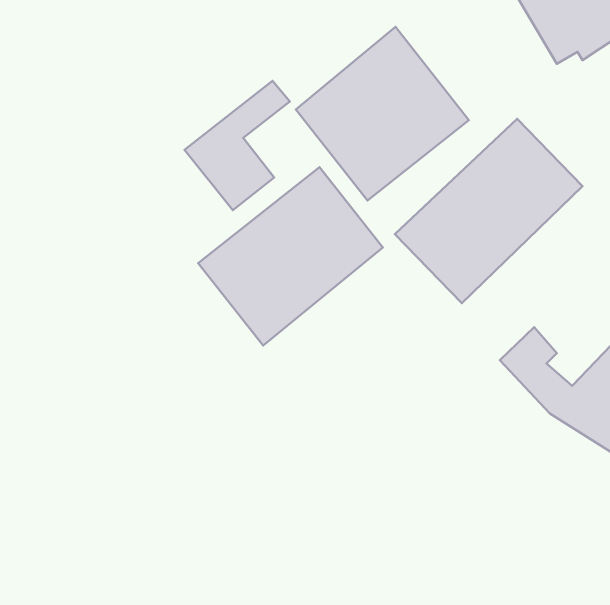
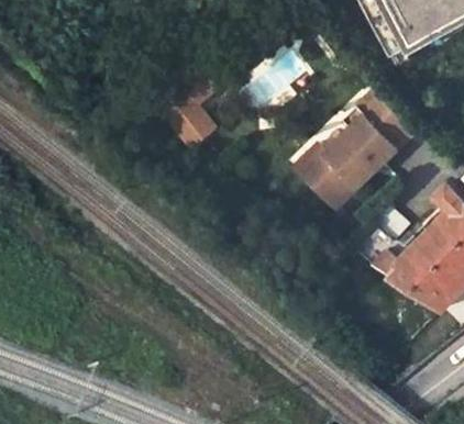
building: [296,27,469,200] -> none
building: [198,167,383,345] -> none

